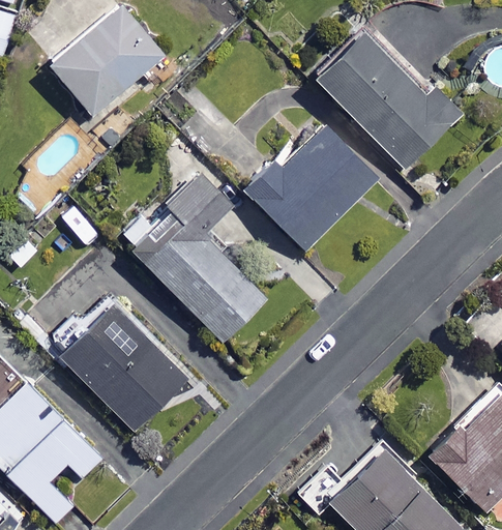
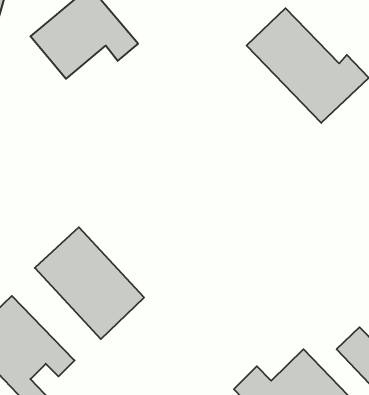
building: [244,116,380,252] -> none
building: [122,170,266,343] -> none

